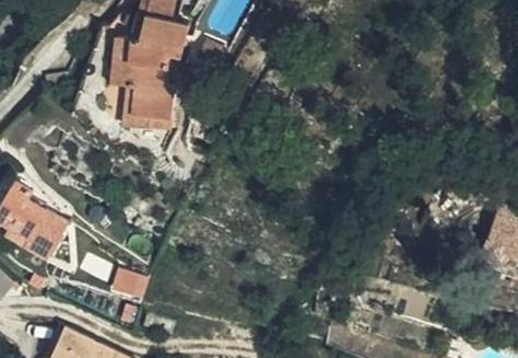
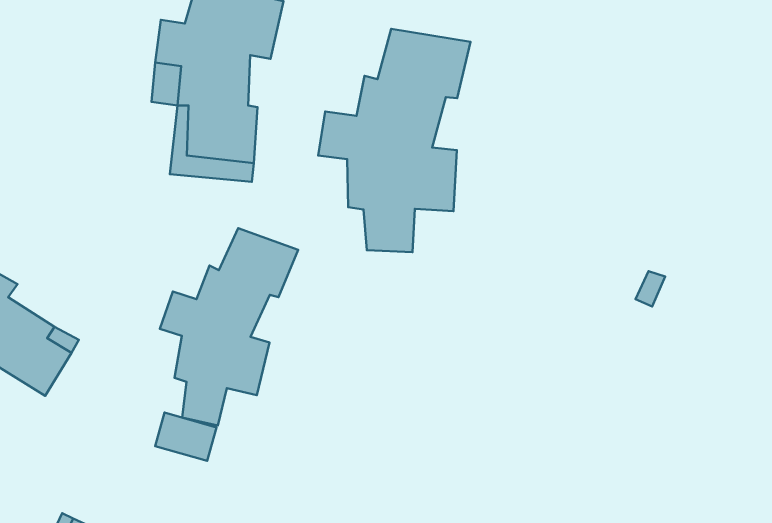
building: none -> [318,29,471,252]
building: none -> [160,228,298,425]

